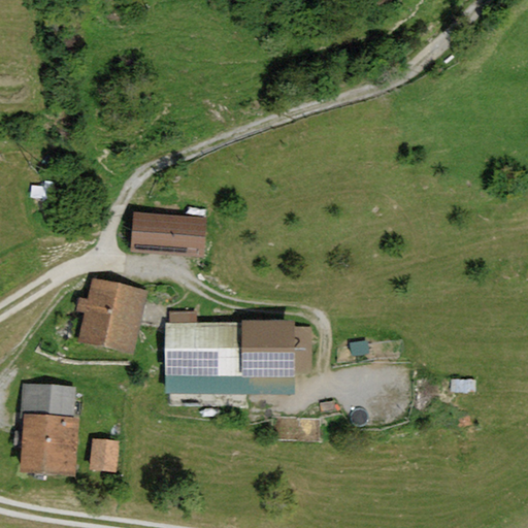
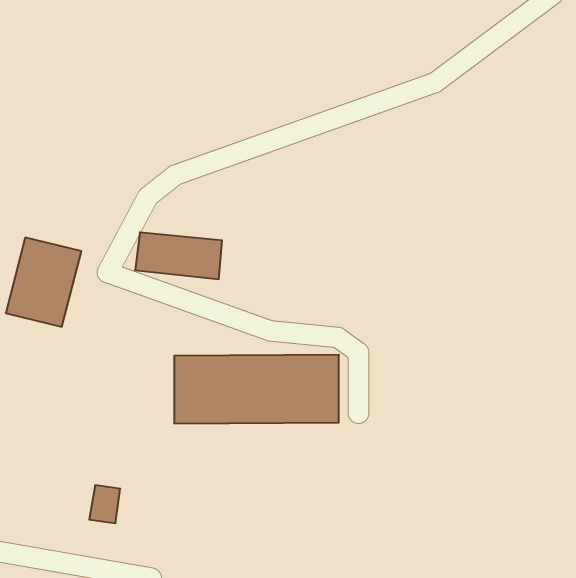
building: [76,277,144,358] -> [6,238,81,327]
building: [15,385,78,473] -> none

